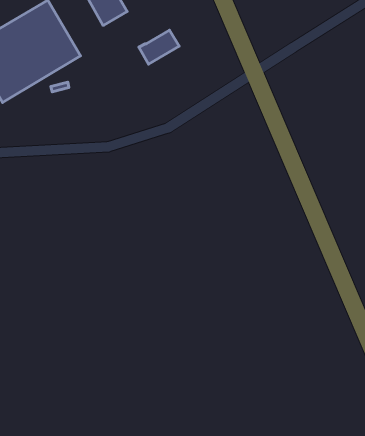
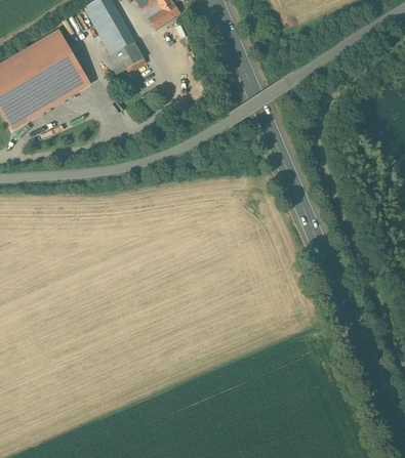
building: [139,30,179,64] -> [105,41,144,74]

